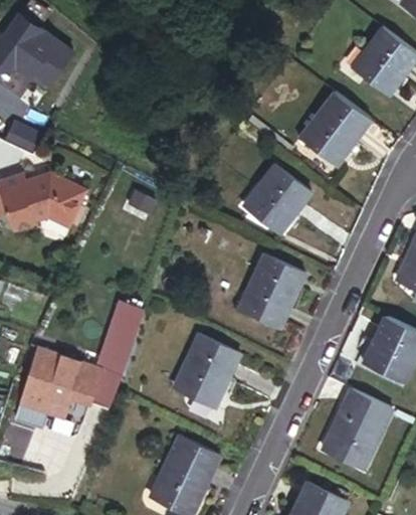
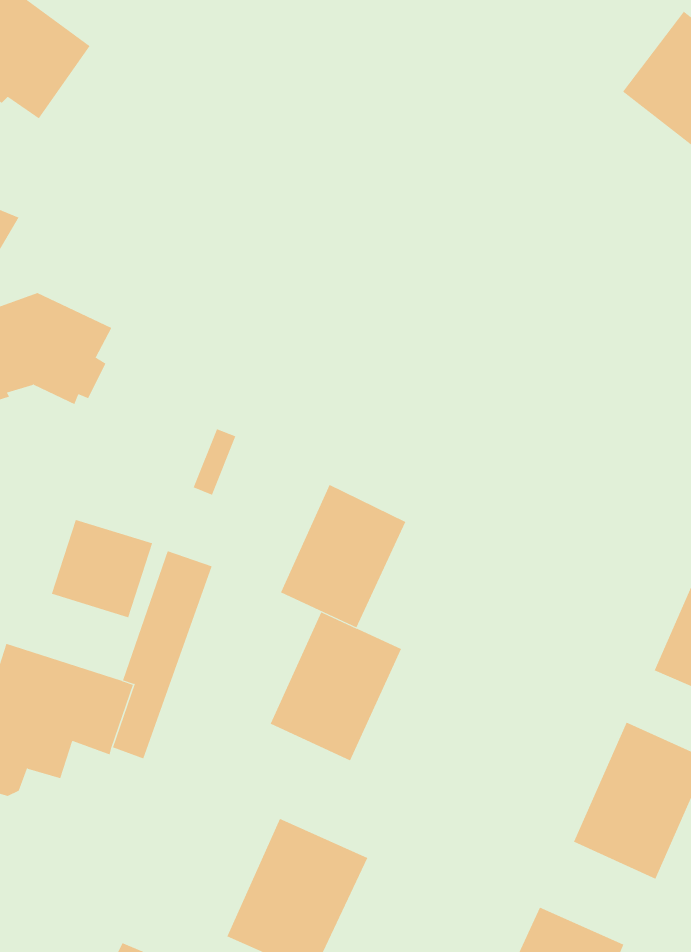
building: [297,92,370,166] -> none
building: [241,164,309,234] -> none
building: [240,255,304,329] -> [280,484,406,628]
building: none -> [51,519,153,618]

